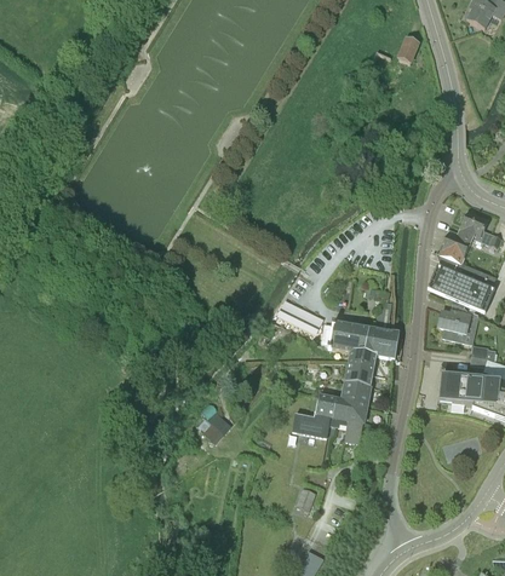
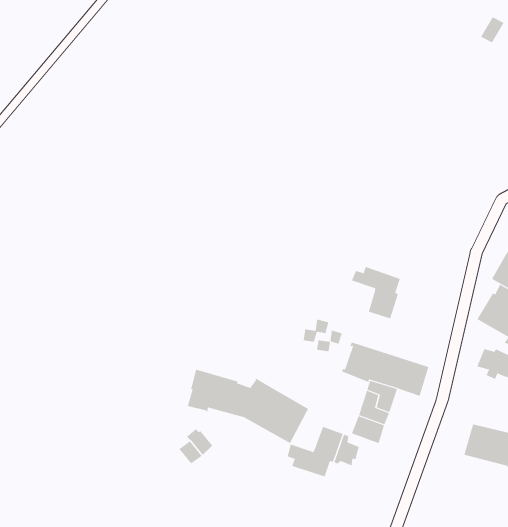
building: none -> [351,266,401,319]
building: none -> [187,369,309,444]
building: [342,397,367,443] -> none

